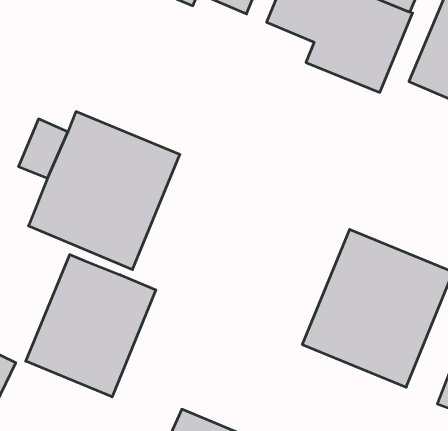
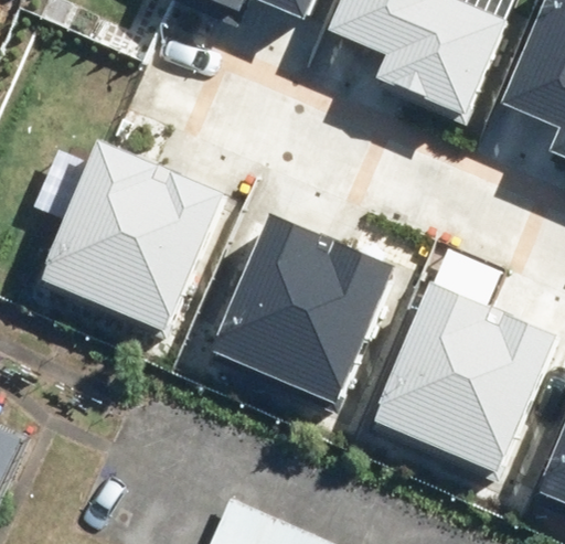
building: none -> [213,213,395,403]
building: [26,255,156,397] -> none

